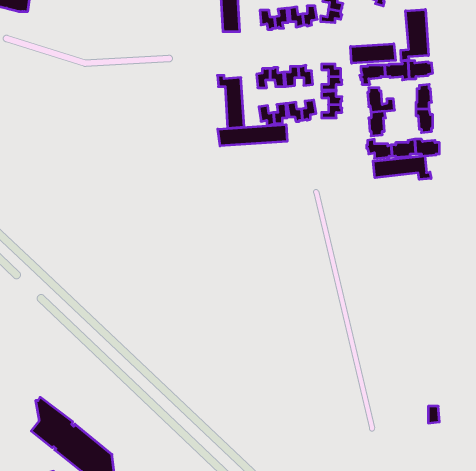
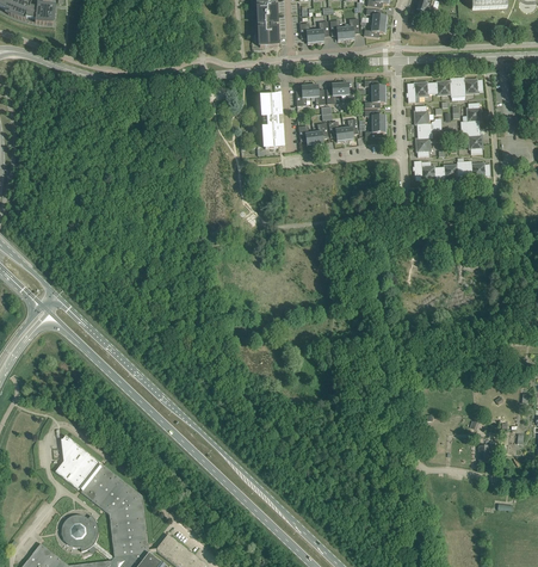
building: [401,9,428,61] -> none
building: [351,44,396,63] -> none
building: [218,125,287,146] -> none
building: [373,156,431,179] -> none

